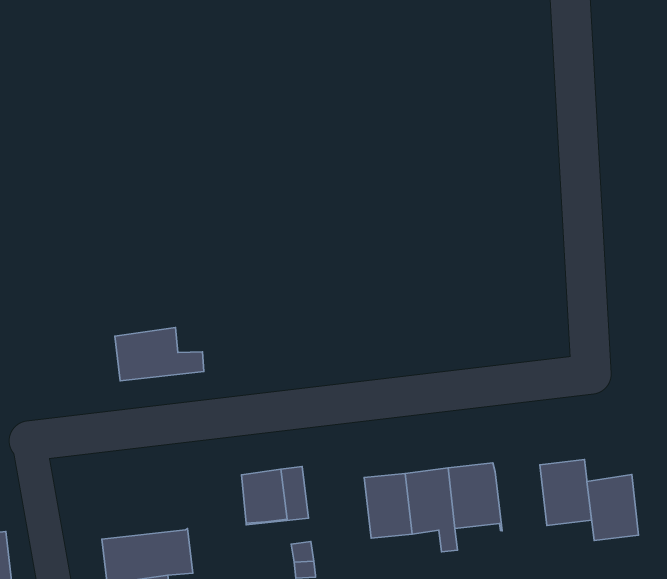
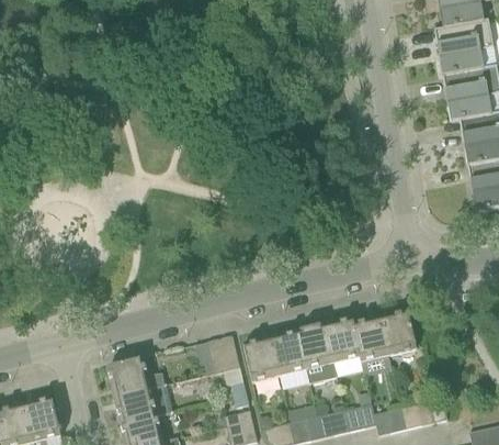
building: [115,328,204,381] -> [105,359,163,397]
building: none -> [242,337,280,382]
building: [587,474,639,540] -> [352,318,388,361]

